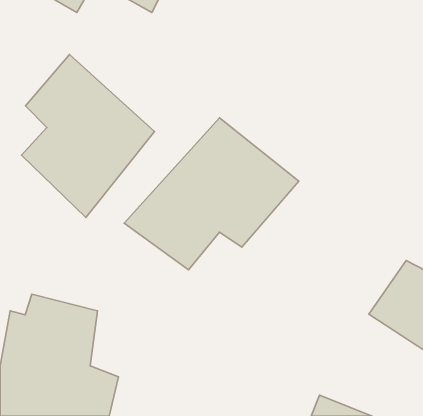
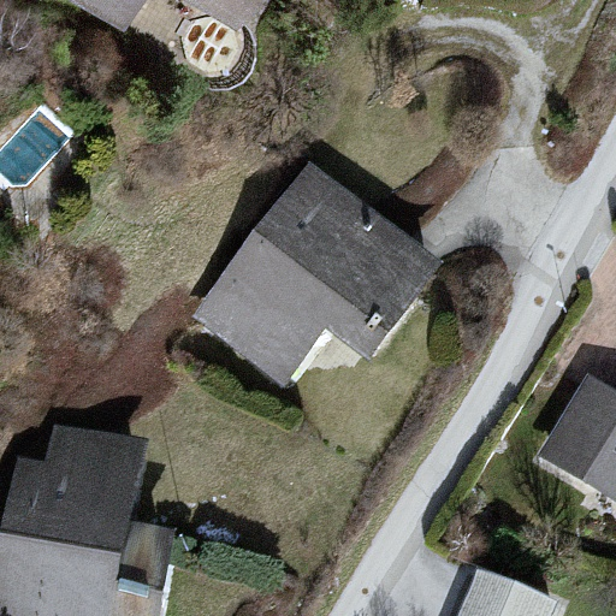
building: [21,55,155,217] -> none

